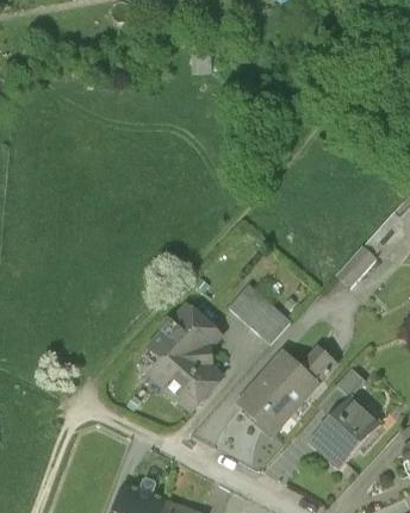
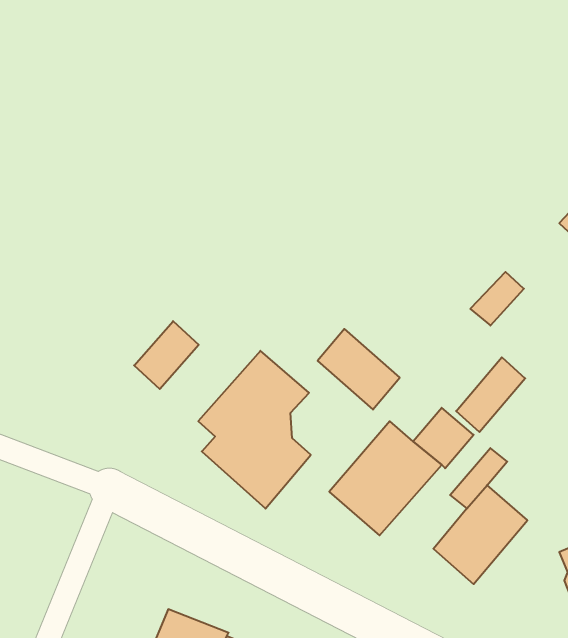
building: none -> [134,321,199,389]
building: none -> [456,357,525,432]

